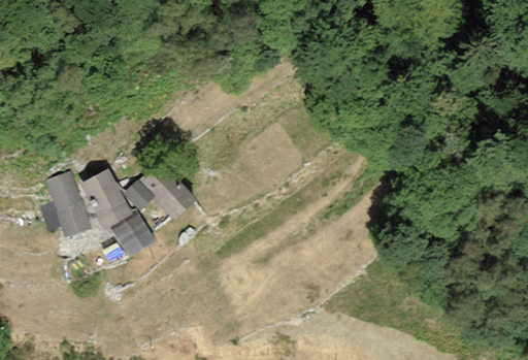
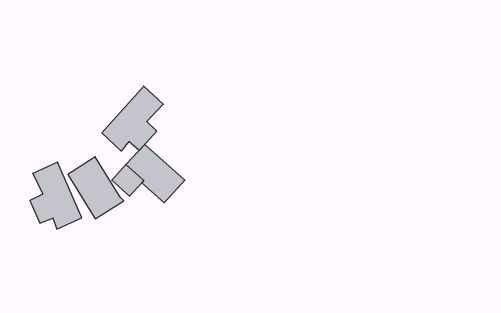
building: none -> [102,86,163,151]
building: [109,207,156,257] -> none

